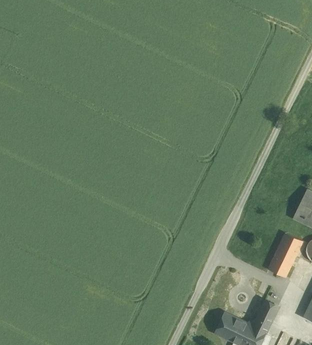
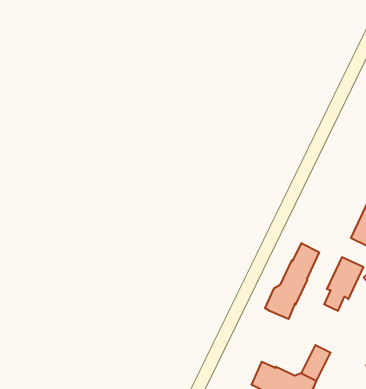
building: none -> [265,243,319,319]

